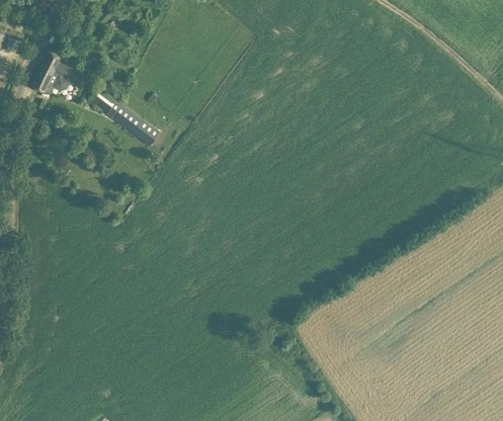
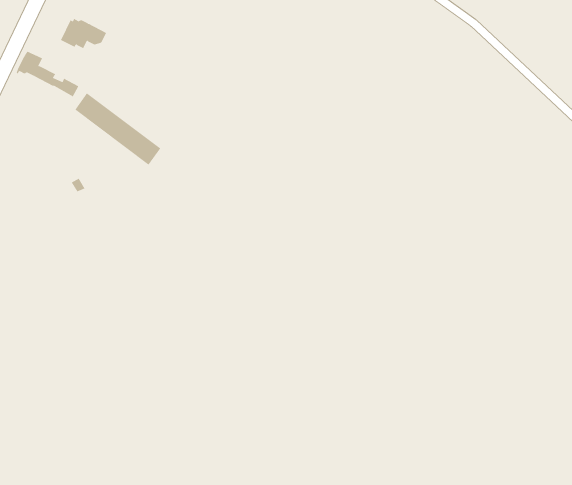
building: [32,69,71,94] -> [60,18,107,49]

